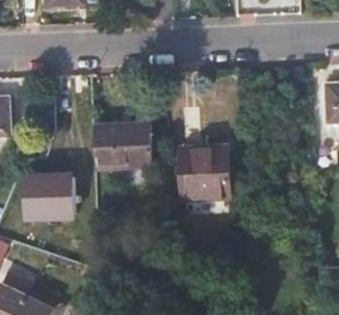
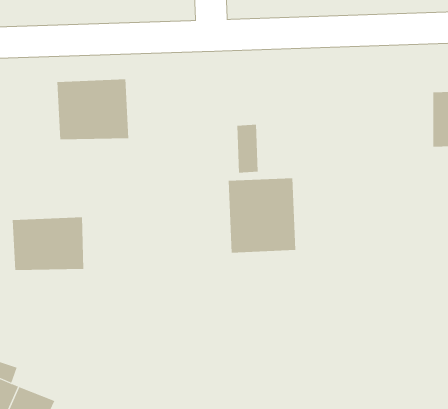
building: [98,121,150,164] -> [56,79,129,140]

